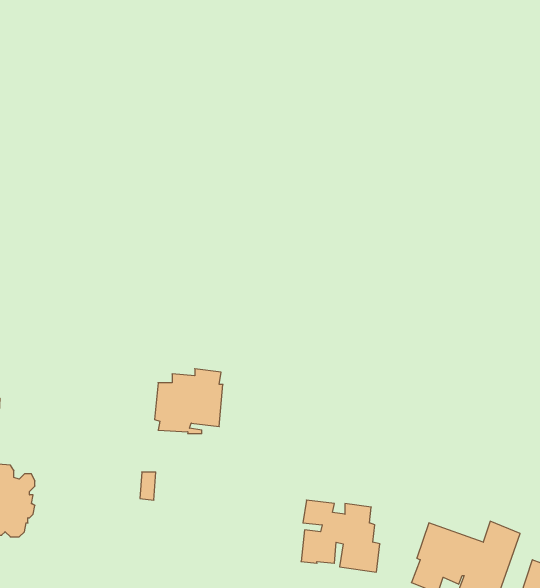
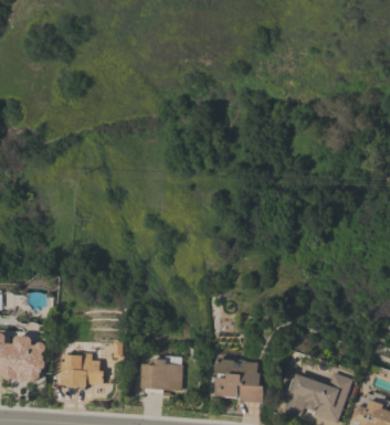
building: [155,369,223,434] -> [139,354,182,395]
building: none -> [61,352,103,389]

